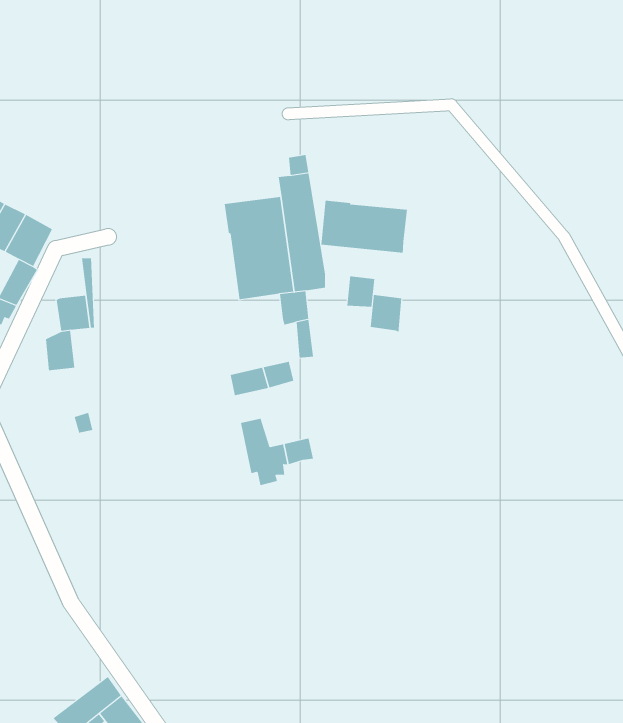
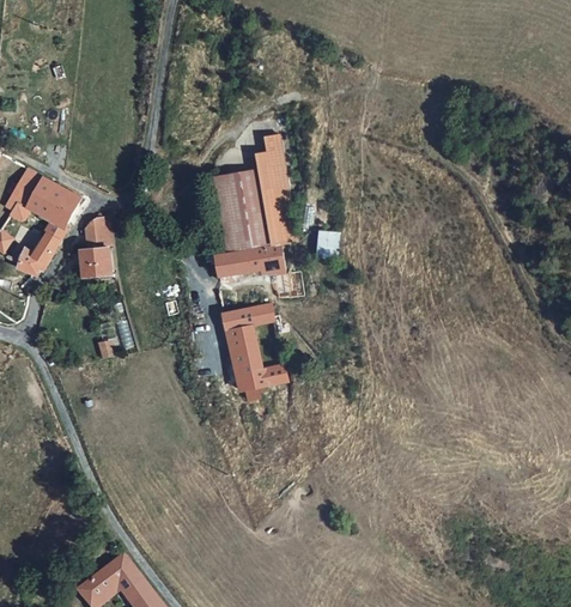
building: [321,200,407,253] -> none
building: none -> [217,248,262,275]
building: [370,294,402,333] -> none
building: [45,330,75,371] -> [81,219,105,251]
building: none -> [225,326,263,370]

